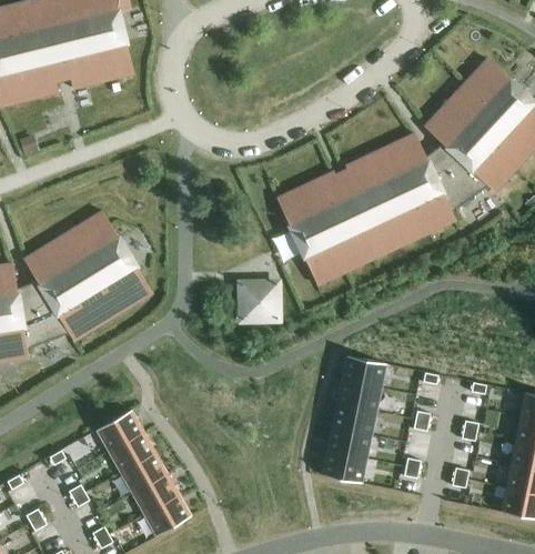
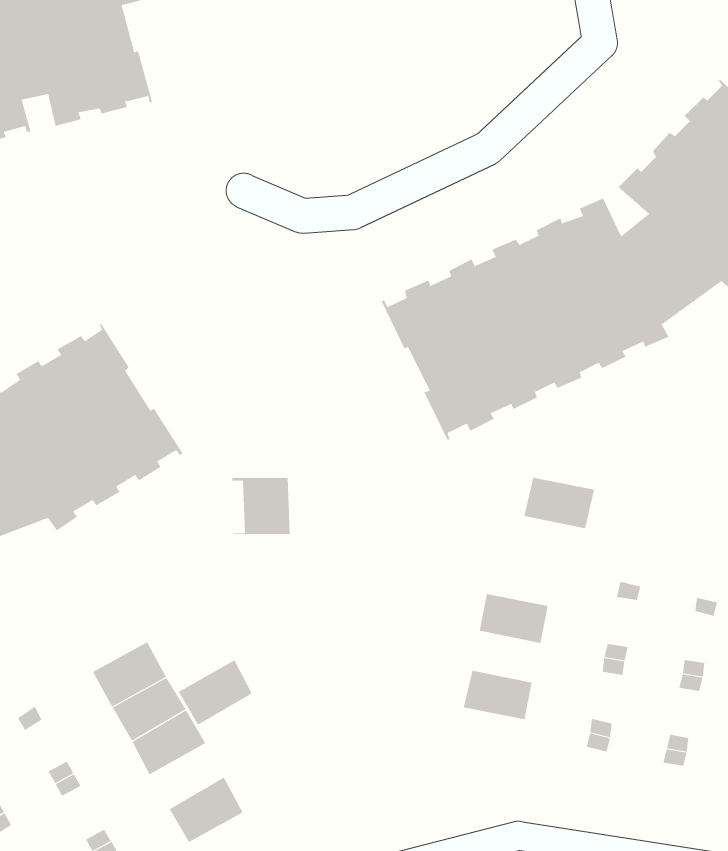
building: [241,283,277,319] -> [232,478,290,535]
building: [342,355,386,387] -> [524,477,595,529]
building: [333,403,376,435] -> none
building: [323,451,366,483] -> none
building: [132,473,179,514] -> [178,660,253,726]

